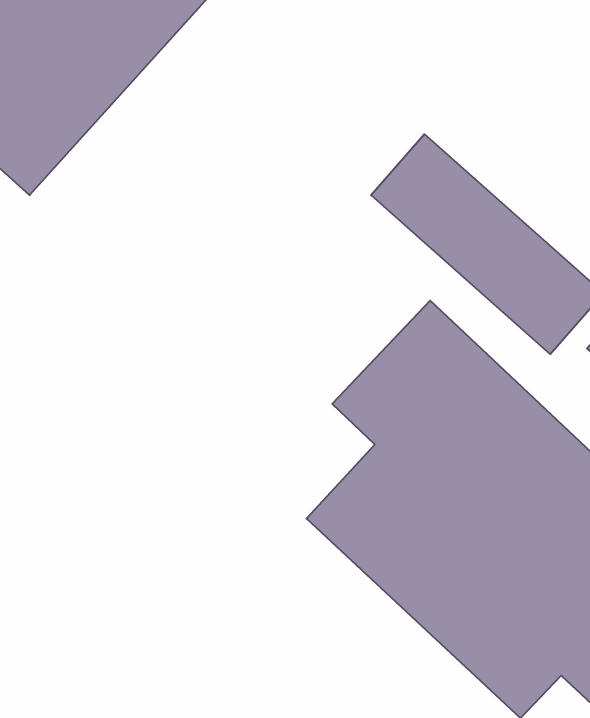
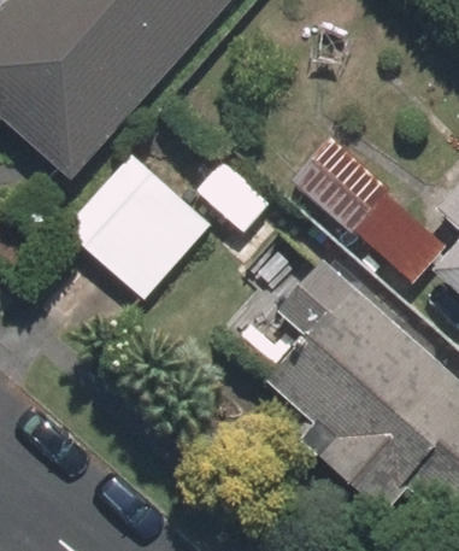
building: none -> [63,150,213,299]

